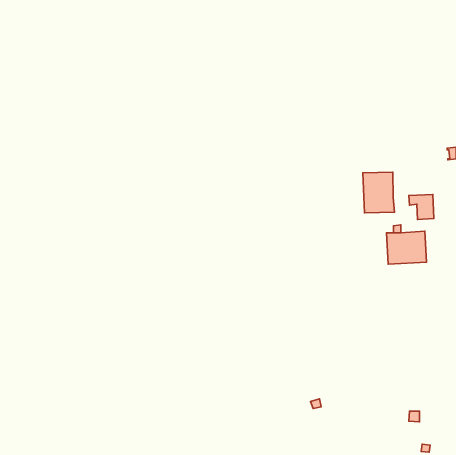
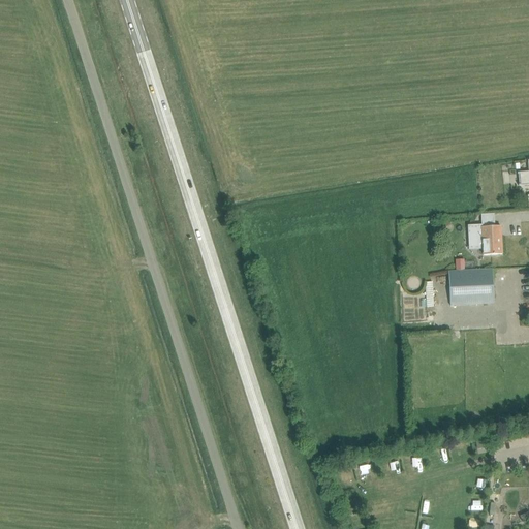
building: [363,172,394,213] -> none

